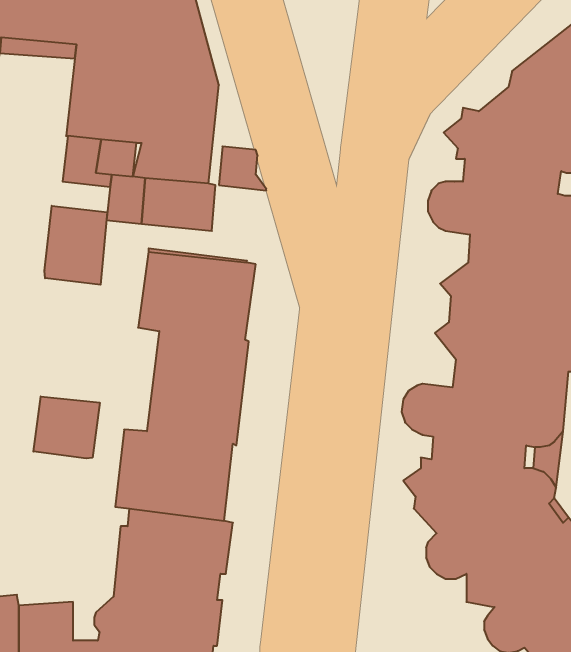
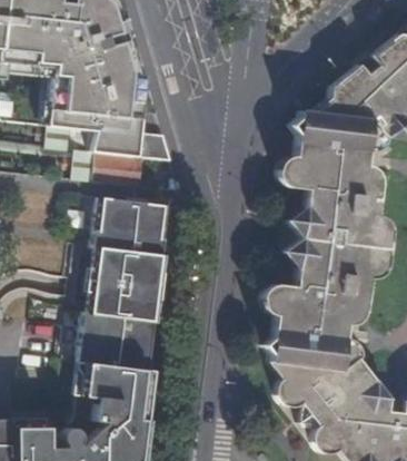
building: [45,206,107,285] -> none
building: [33,396,100,458] -> none

